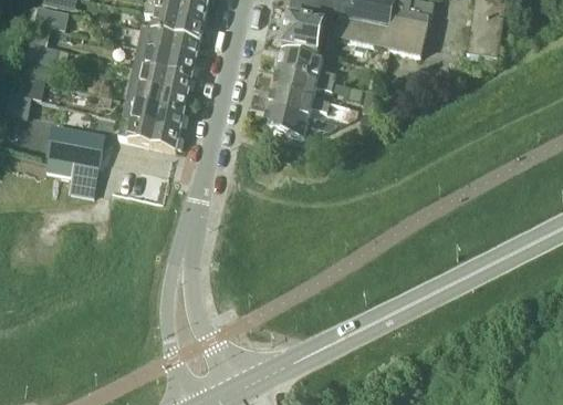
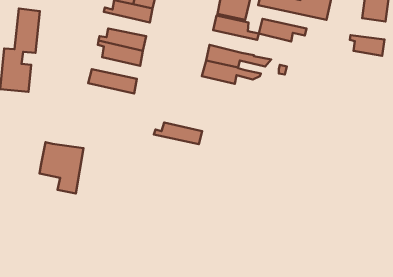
building: [136,43,196,74] -> none
building: [272,66,333,95] -> [259,19,307,41]
building: none -> [350,35,384,56]
building: [122,101,184,128] -> [154,122,202,144]
building: [46,127,103,193] -> [39,142,84,193]

